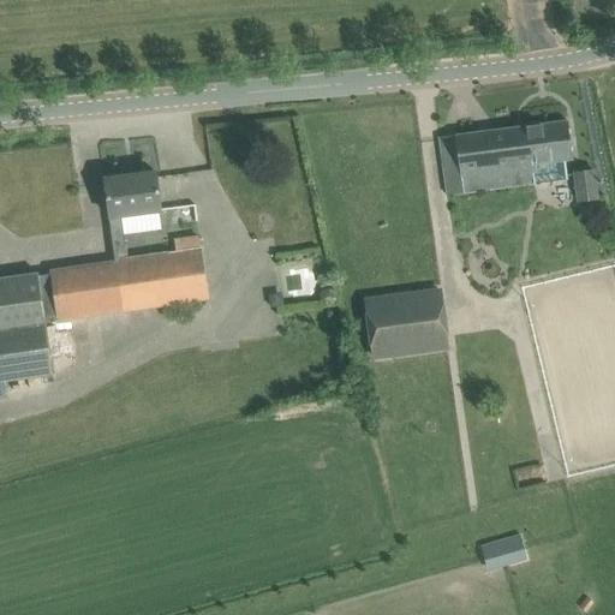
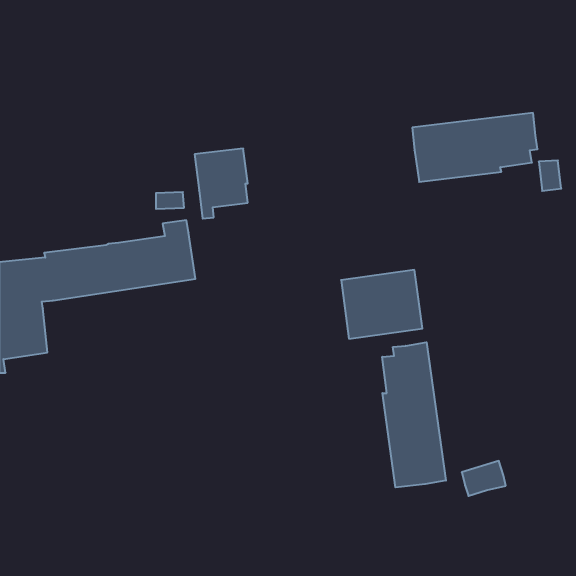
building: [103,172,160,246] -> [195,149,248,219]
building: none -> [382,342,446,487]
building: [479,533,526,571] -> [462,461,506,496]

